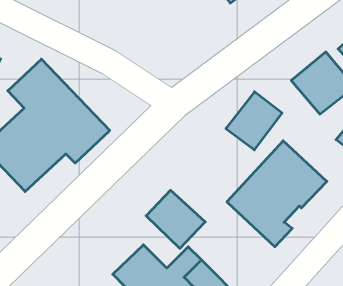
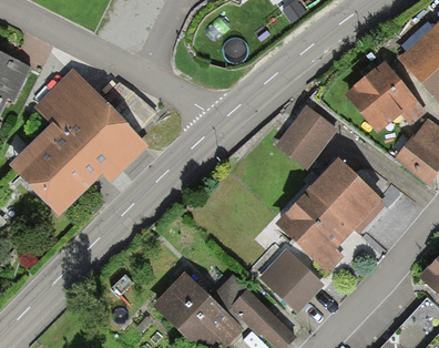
building: [146,190,205,248] -> [259,248,324,311]

